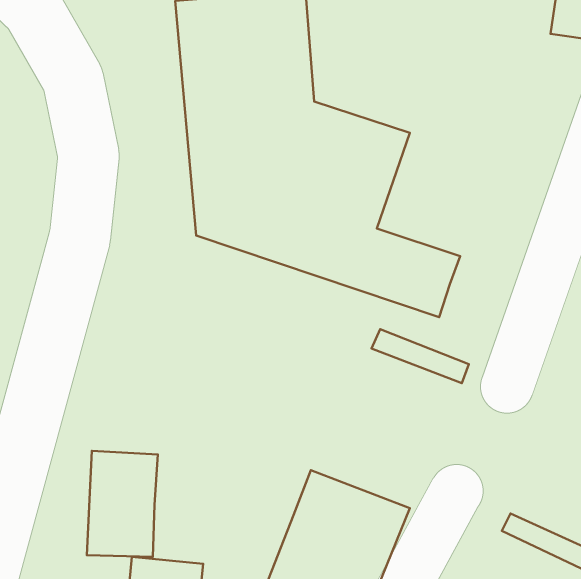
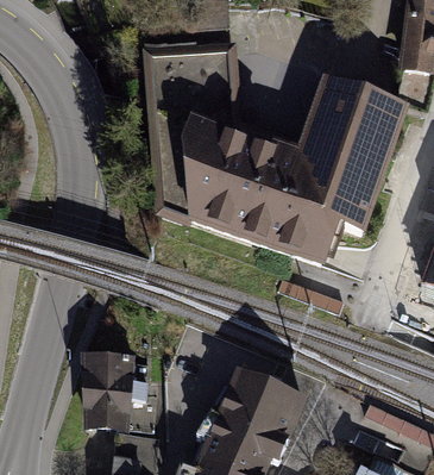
building: none -> [281,81,407,233]

